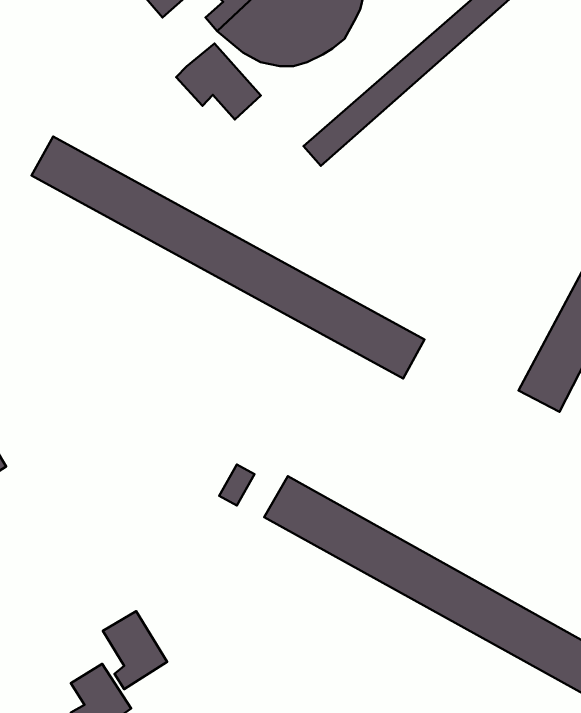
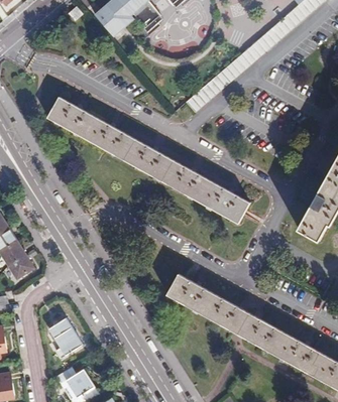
building: [176,43,261,120] -> none
building: [103,611,167,689] -> [48,318,82,359]

